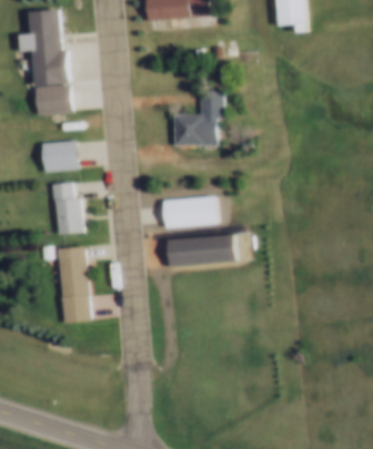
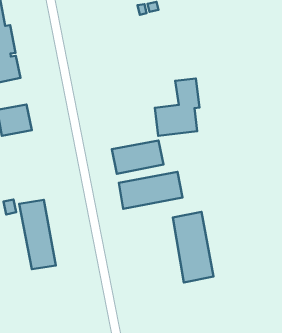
building: [173,86,222,144] -> [155,78,199,136]
building: [50,181,83,234] -> none
building: none -> [173,212,214,283]

